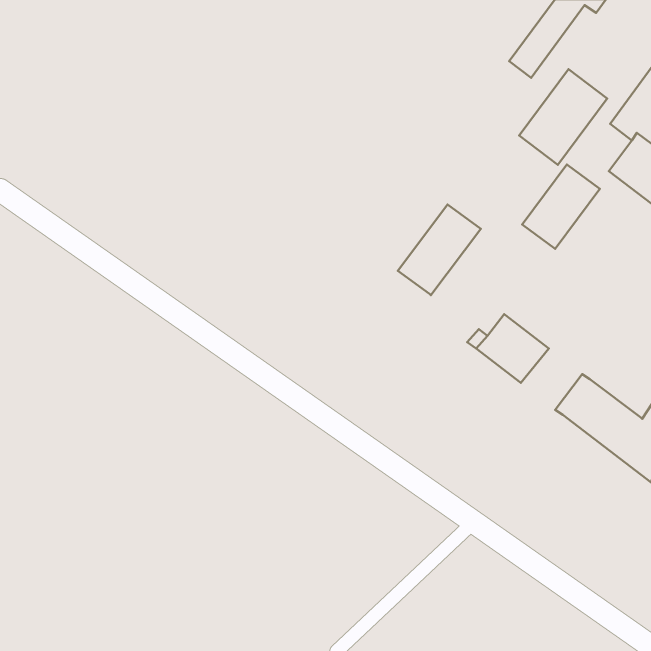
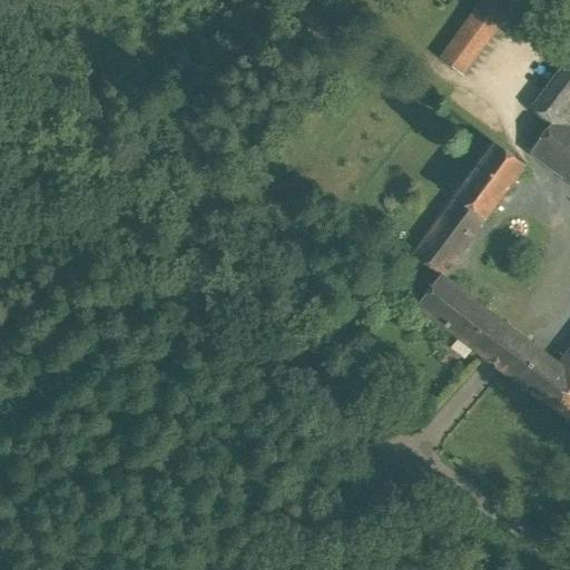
building: [519,69,607,165] -> none
building: [398,205,481,295] -> [413,196,485,275]
building: none -> [455,304,509,357]

